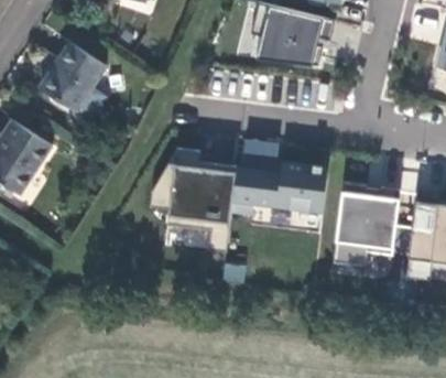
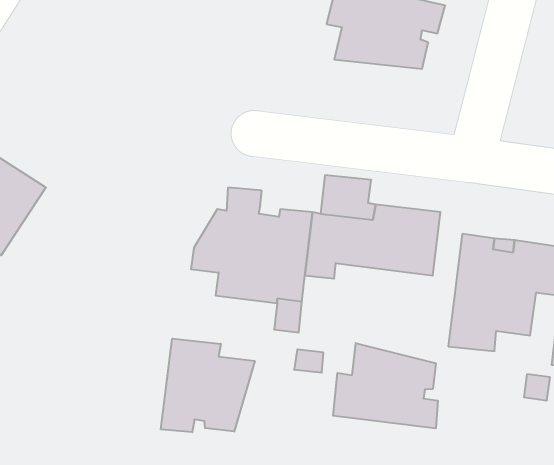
building: [37,43,104,112] -> none
building: none -> [161,339,255,432]
building: none -> [333,343,438,428]

